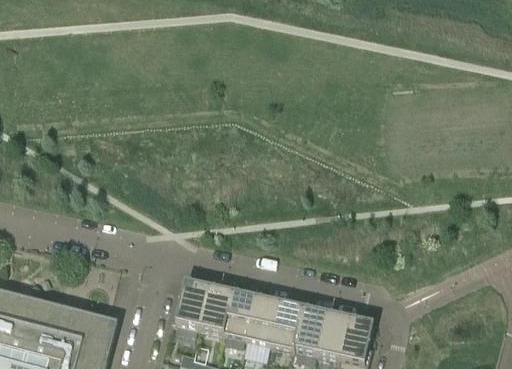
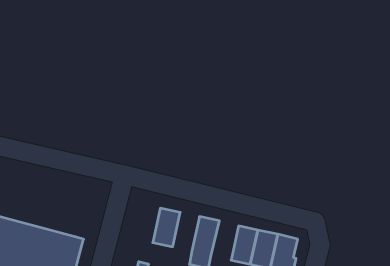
building: [172,280,208,327] -> none
building: [223,291,255,337] -> none
building: [269,301,302,348] -> none

